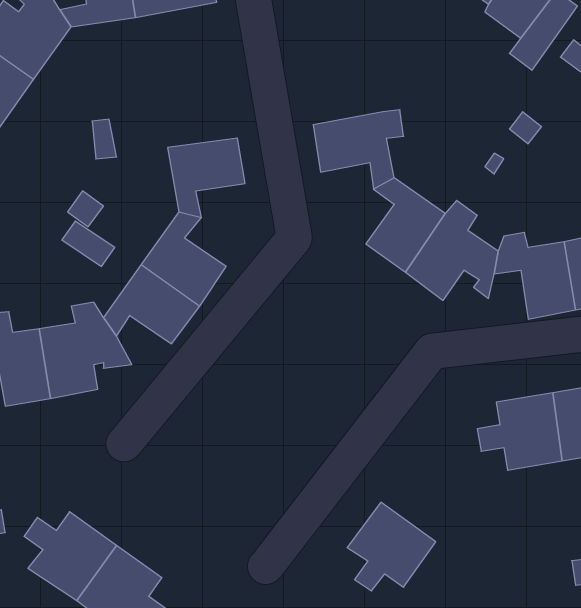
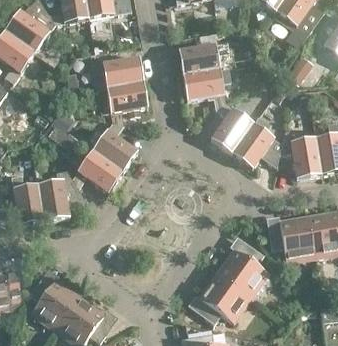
building: none -> [179,41,229,75]
building: none -> [91,57,143,87]
building: none -> [219,247,266,296]

